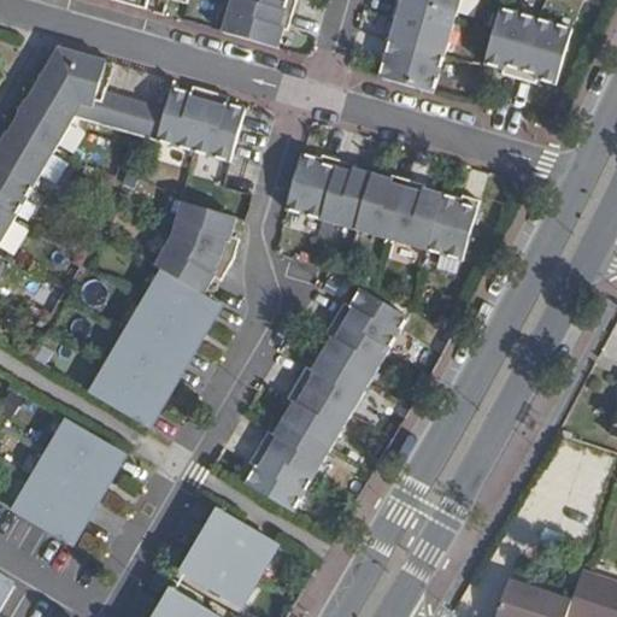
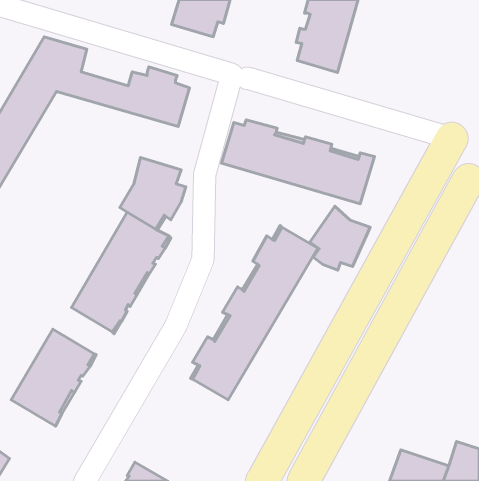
building: [482,8,570,86] -> none
building: none -> [310,206,370,270]
building: [182,511,274,605] -> none

